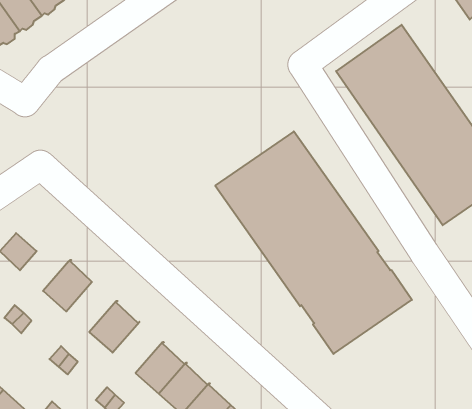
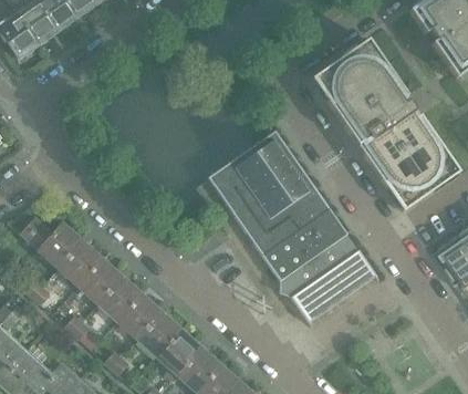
building: none -> [38,222,81,268]
building: none -> [79,259,122,303]
building: none -> [118,294,162,339]

